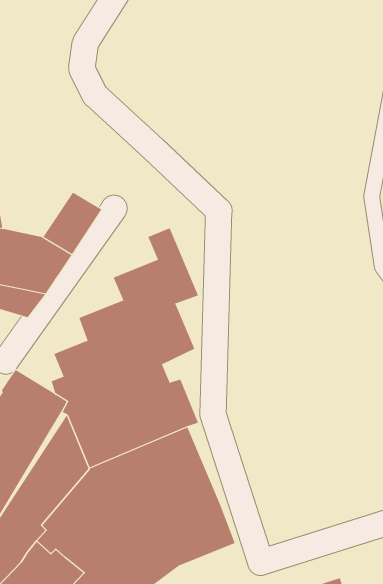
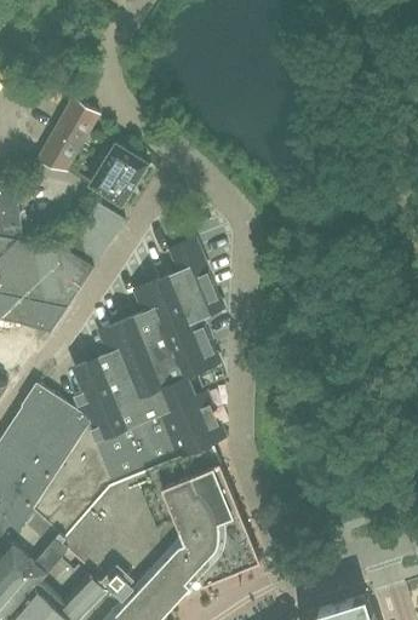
building: none -> [35,99,97,172]
building: none -> [87,145,145,206]

